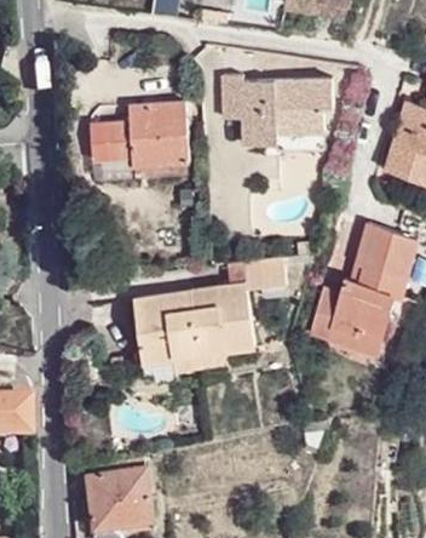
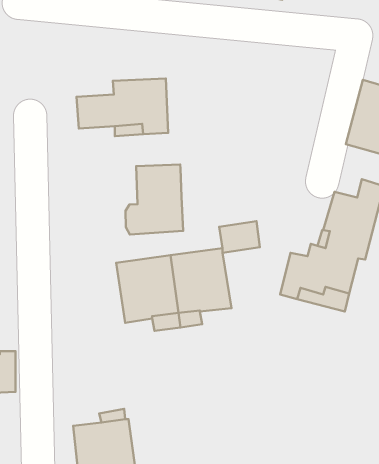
building: [221,76,333,147] -> none
building: none -> [126,164,183,235]

